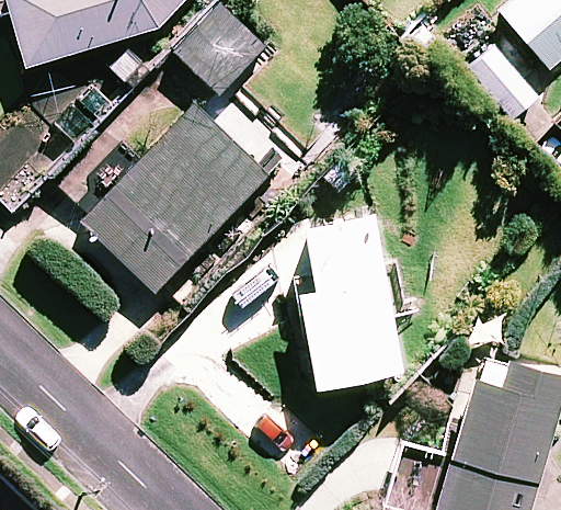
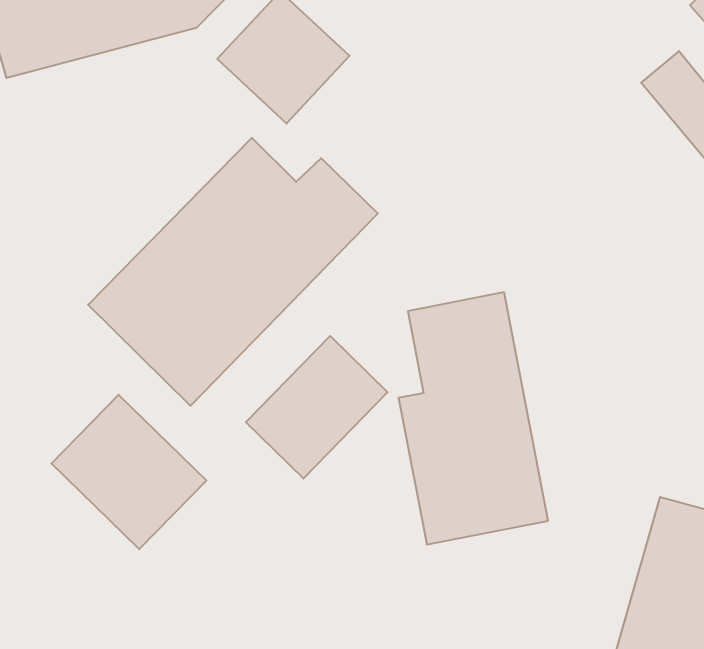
building: none -> [246,336,388,479]
building: none -> [51,395,206,549]

